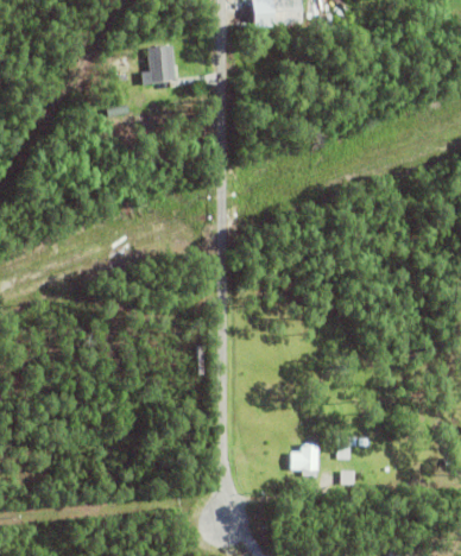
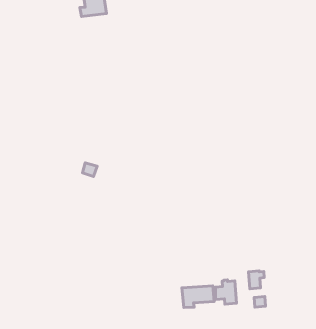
building: none -> [182,286,214,308]

